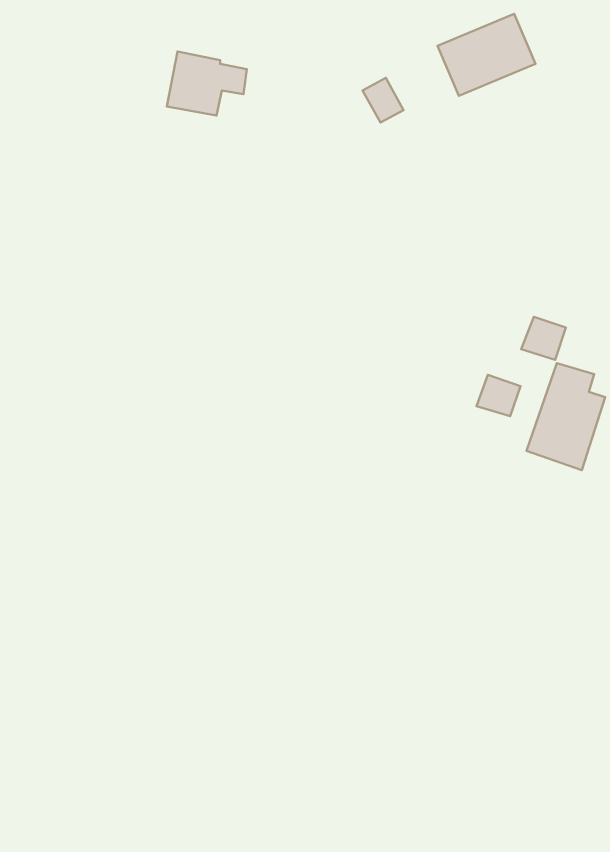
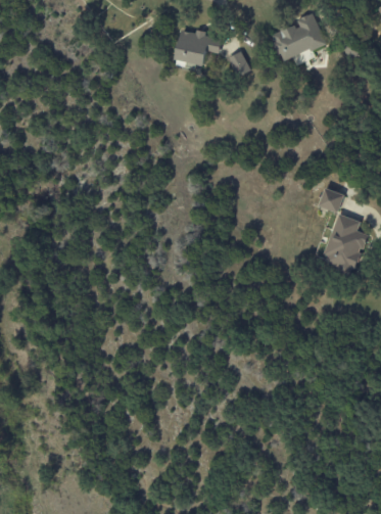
building: [167,51,247,116] -> [175,28,221,64]
building: [477,375,521,416] -> none

